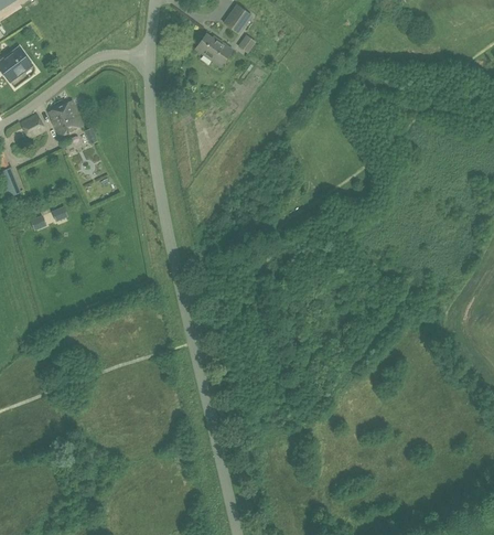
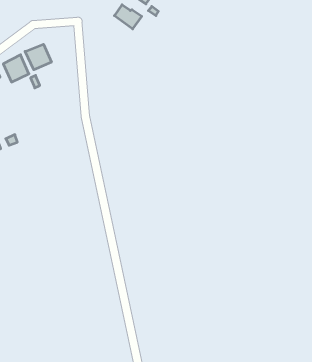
building: none -> [25,44,51,70]

